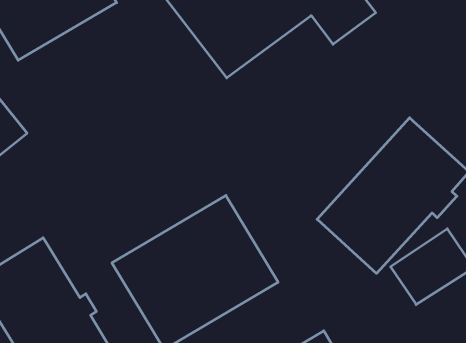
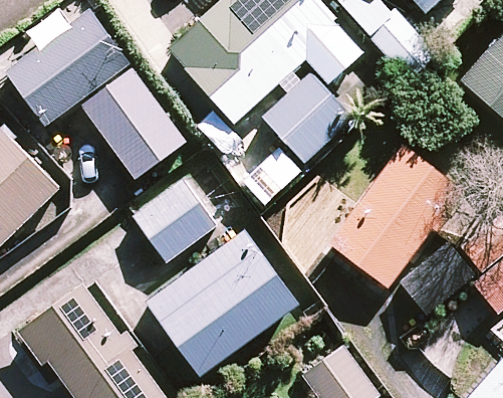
building: none -> [81,68,186,179]
building: none -> [262,73,351,162]
building: none -> [133,179,216,261]

